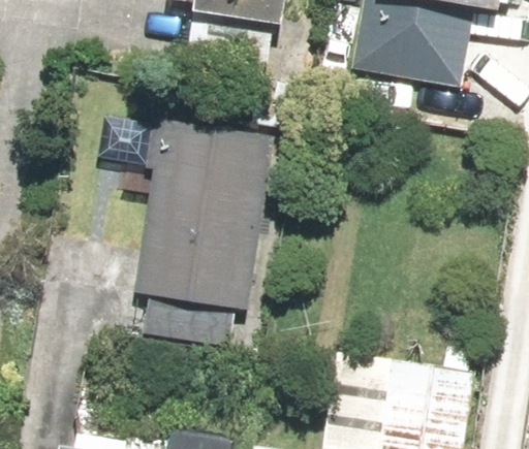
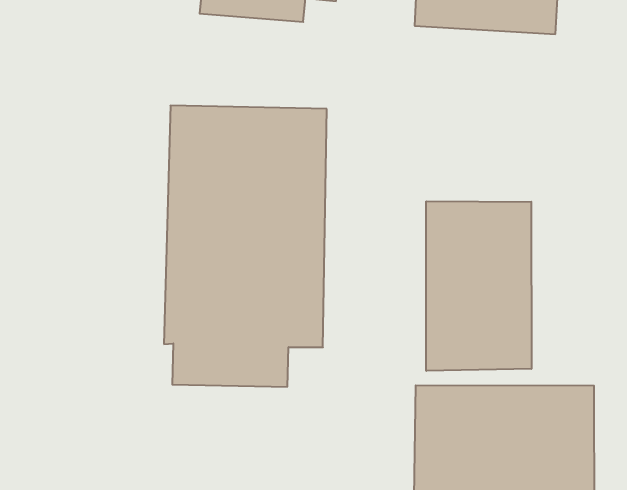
building: none -> [426,201,531,371]

